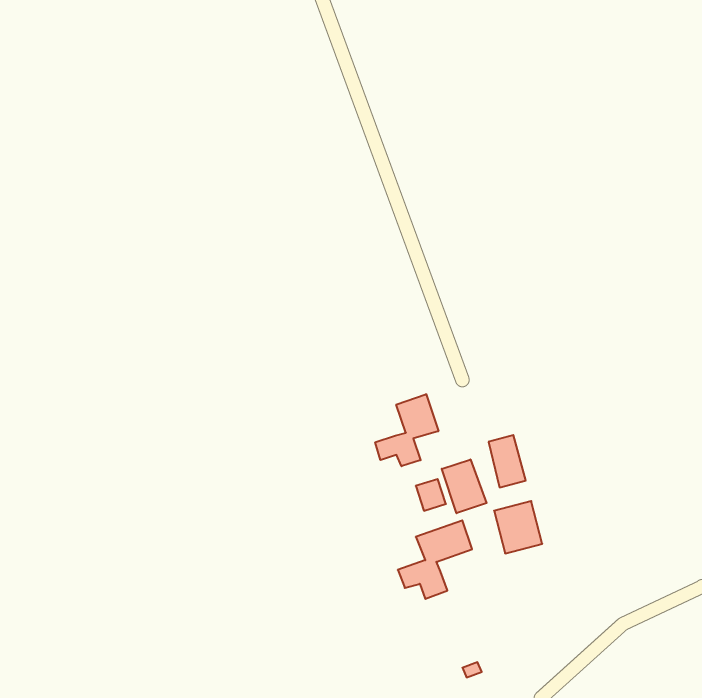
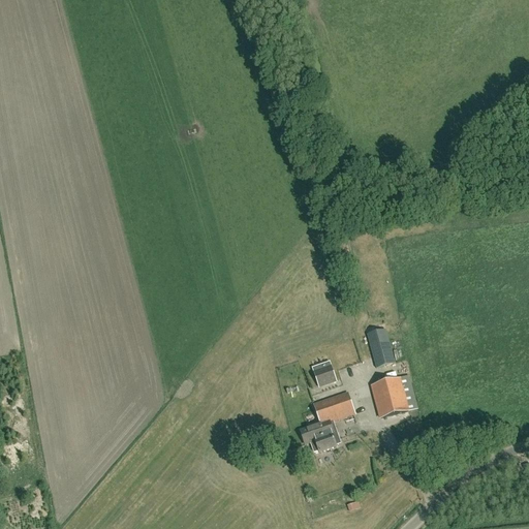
building: [375,394,438,466] -> none
building: [442,459,487,513] -> none

